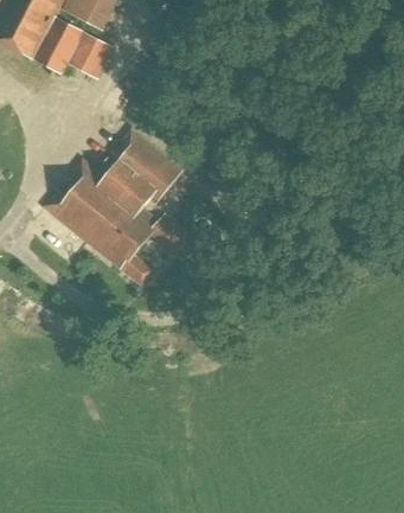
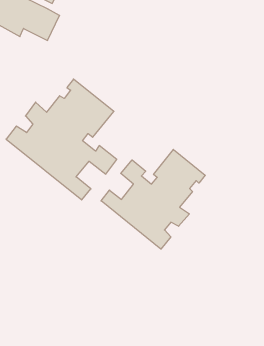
building: none -> [101,149,205,249]

